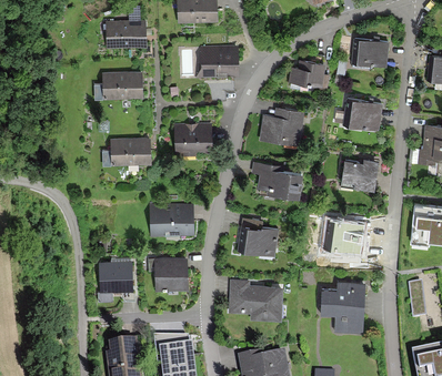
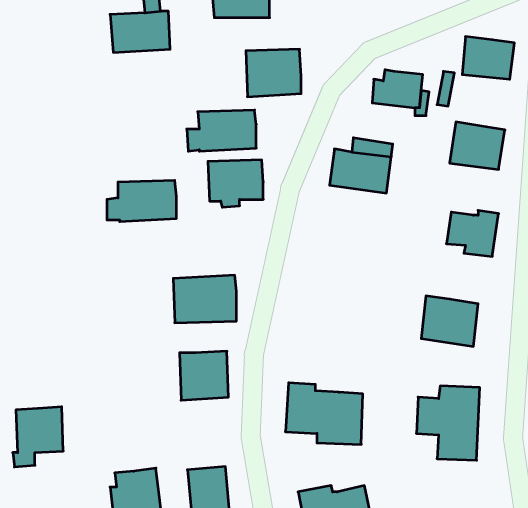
building: [94,70,143,99] -> [187,110,256,151]
building: [253,161,303,197] -> none
building: [244,225,280,256] -> none
building: [98,260,133,302] -> [13,407,63,467]

